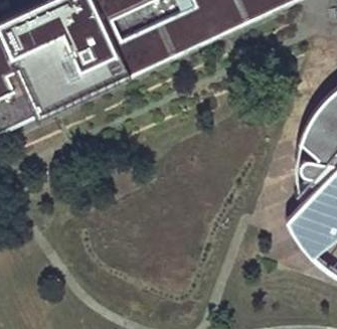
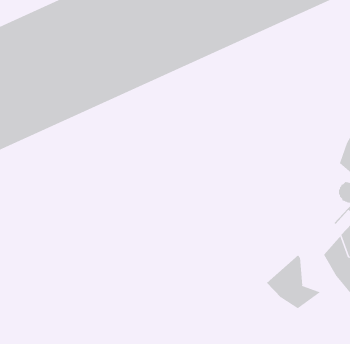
building: none -> [266,255,321,309]

